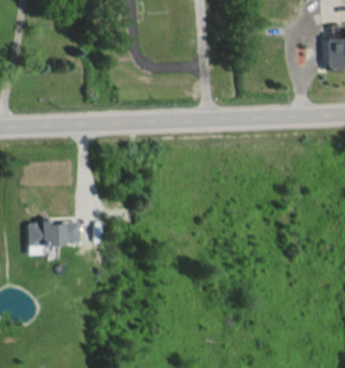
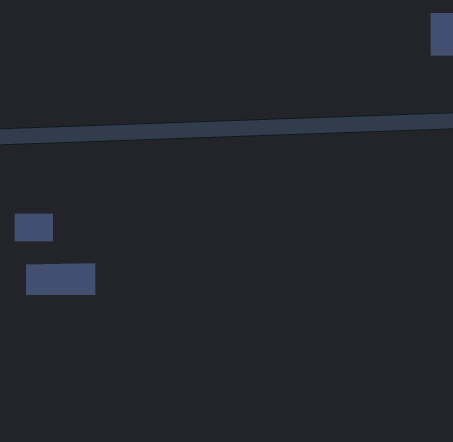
building: none -> [14,213,54,242]

